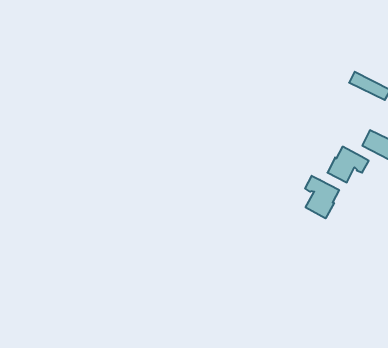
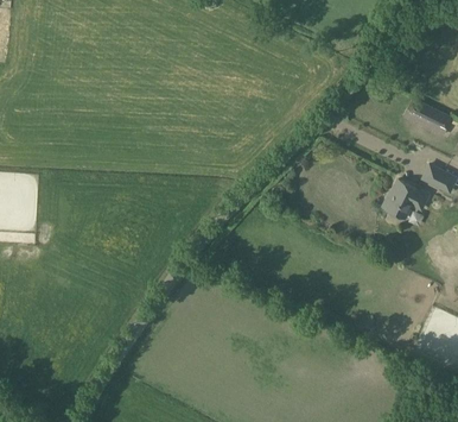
building: [305,176,339,218] -> none

